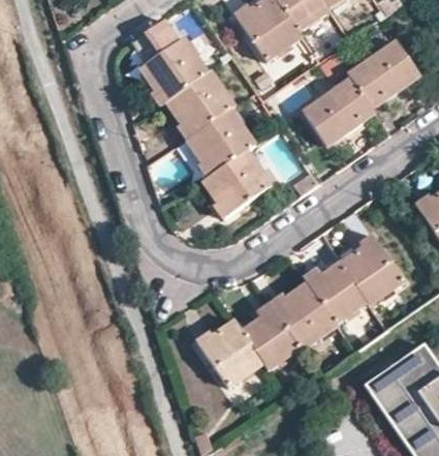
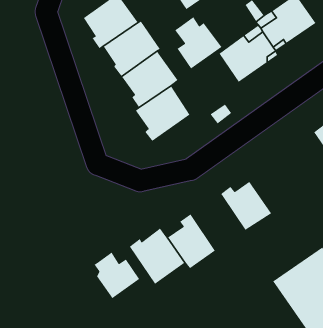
building: none -> [174,16,222,69]
building: [339,235,403,305] -> none
building: [270,281,337,349] -> none
building: none -> [94,252,140,299]

